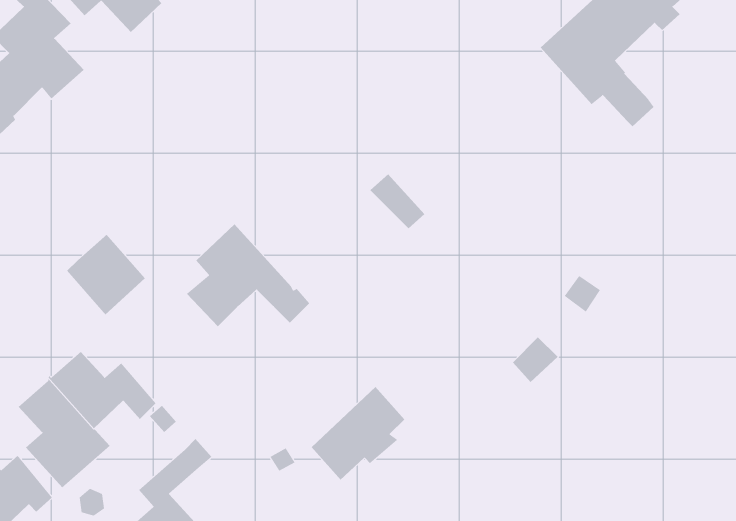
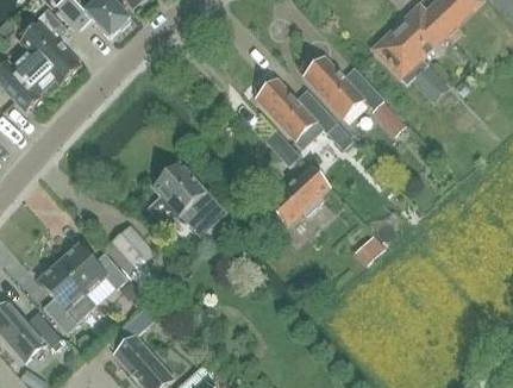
building: none -> [302,57,406,136]
building: none -> [255,79,352,148]
building: [66,234,146,315] -> [104,223,155,275]
building: [311,386,405,480] -> [267,165,327,226]

